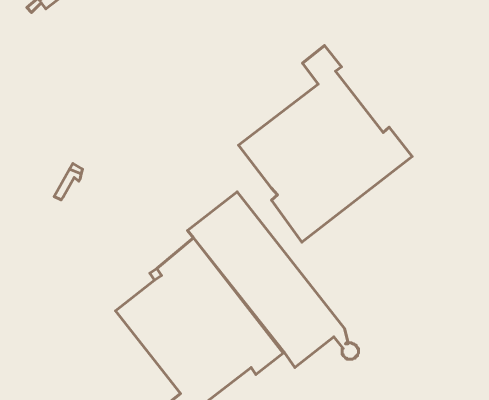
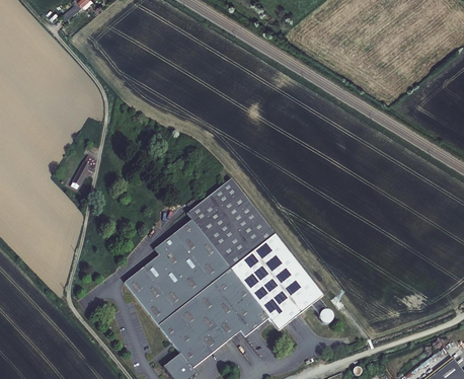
building: [239,45,412,242] -> none

